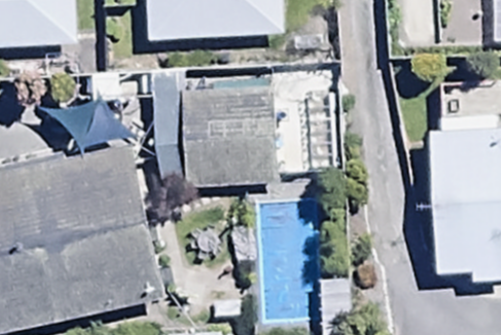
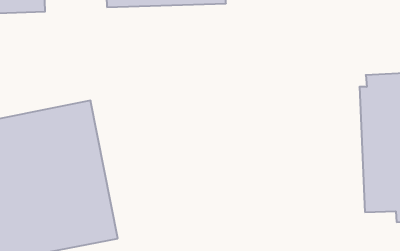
building: [180,87,275,185] -> none

